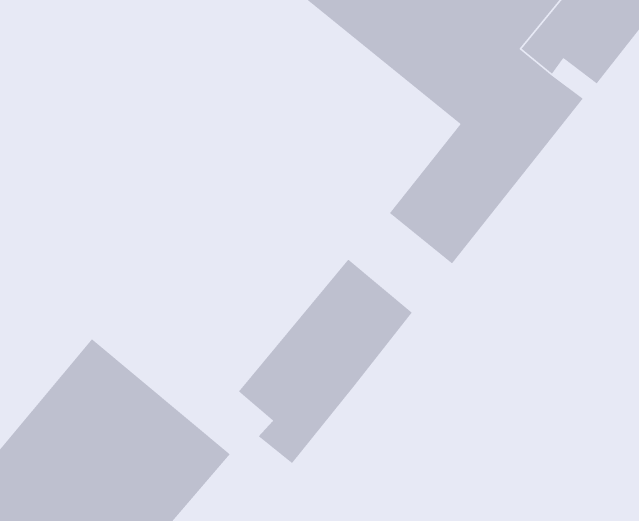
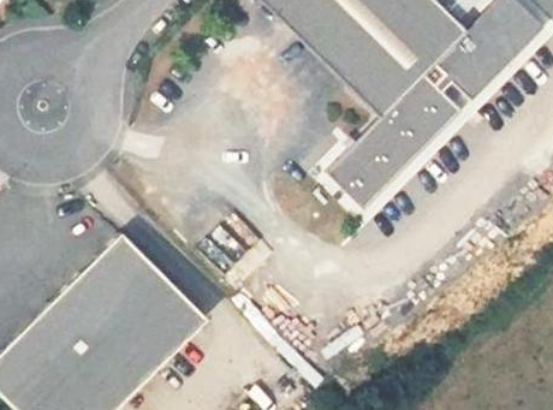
building: [238,259,413,464] -> none

